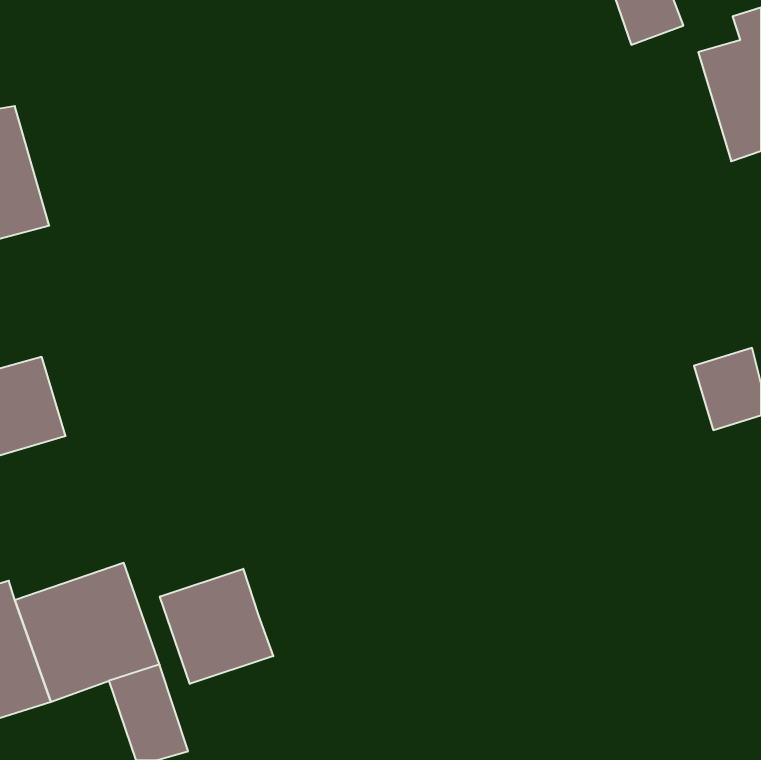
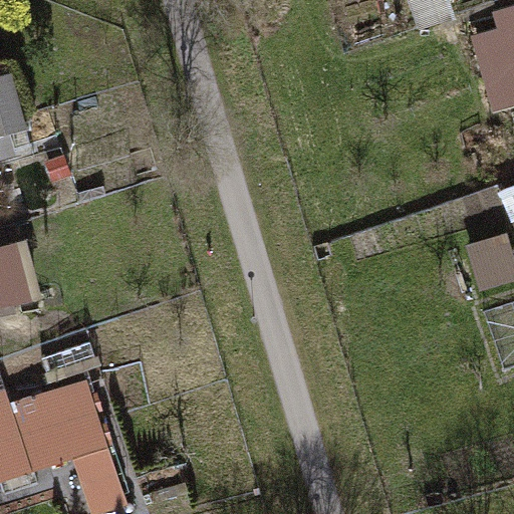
building: [160,569,273,684] -> none

